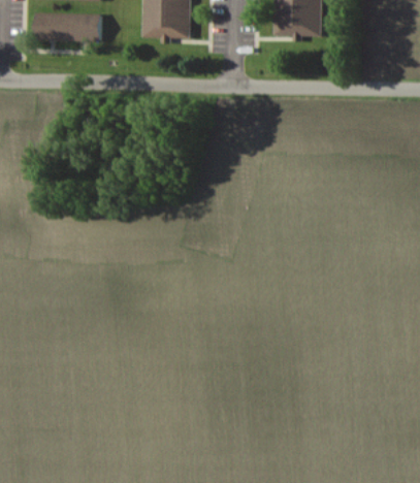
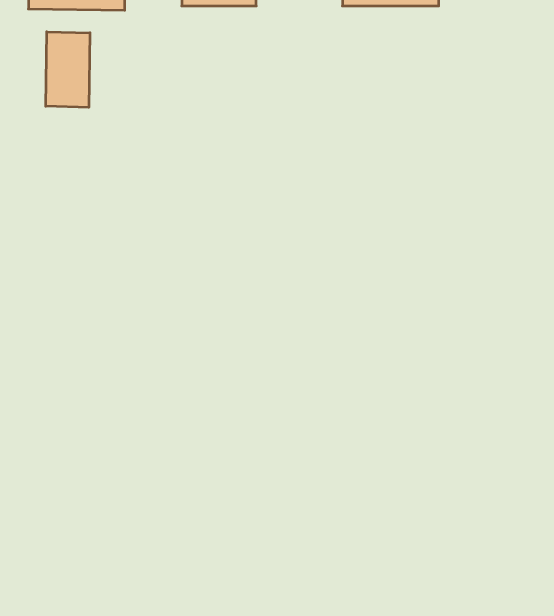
building: none -> [46,32,90,107]

